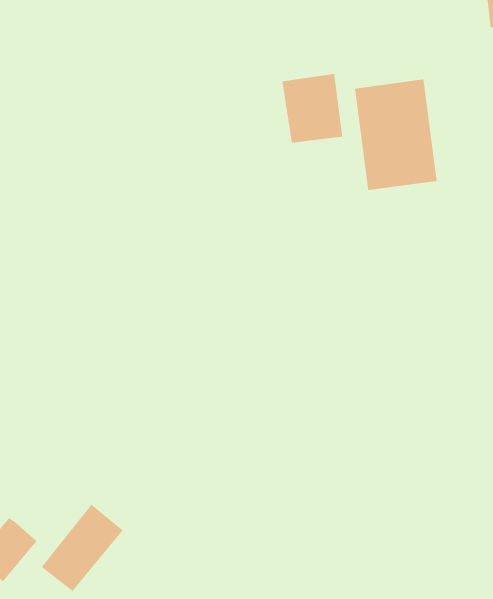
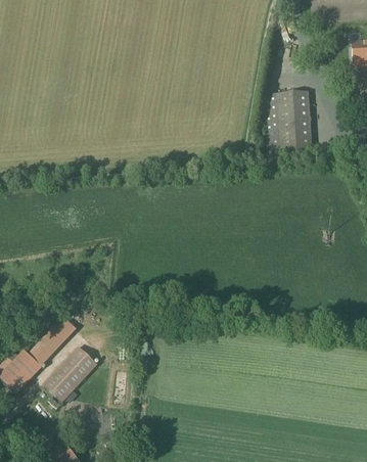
building: [282,73,343,143] -> none
building: none -> [28,316,77,366]

